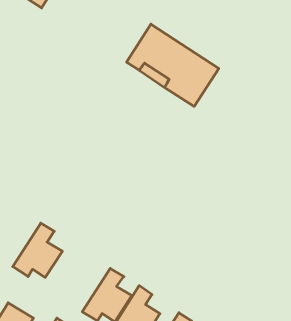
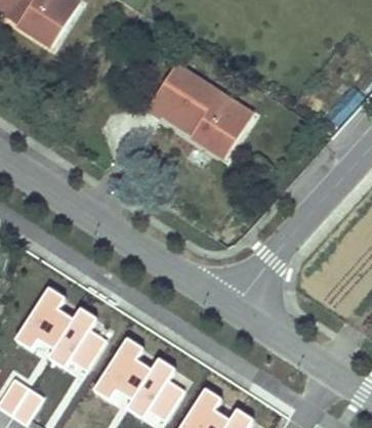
building: none -> [50,309,106,370]

